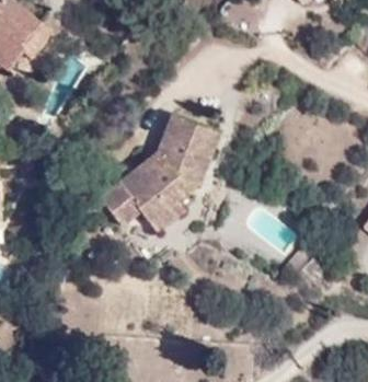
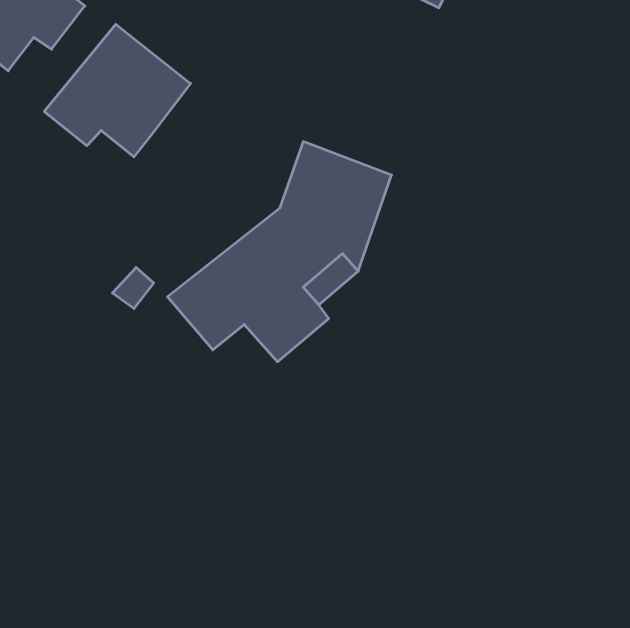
building: none -> [44,24,191,157]

